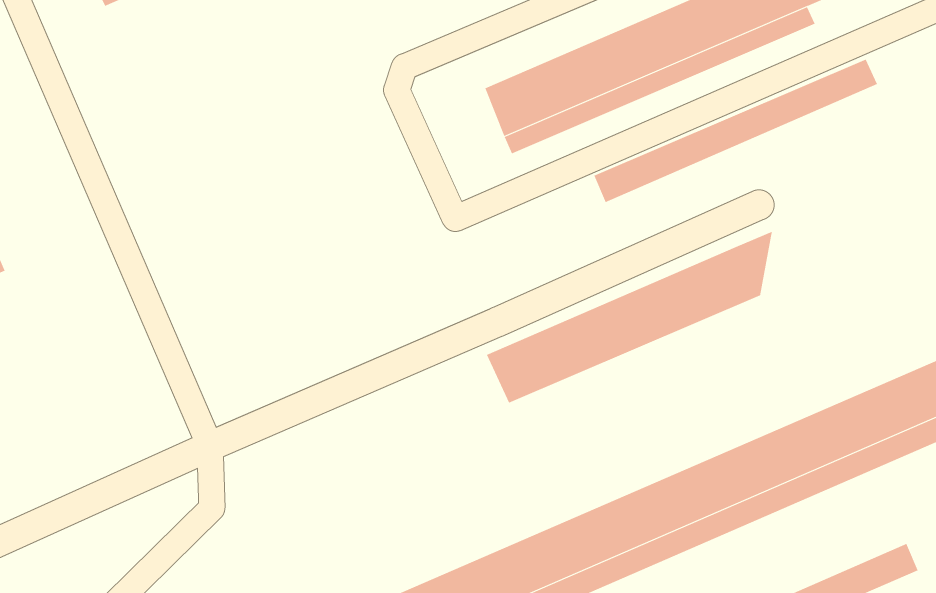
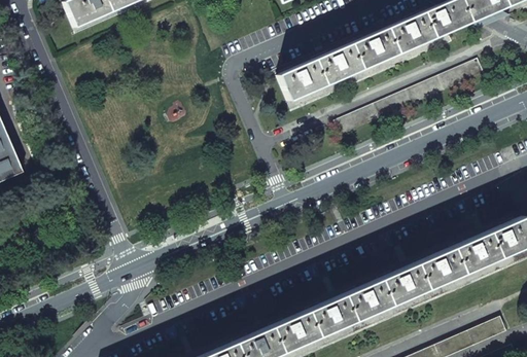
building: [486,231,772,404] -> none

